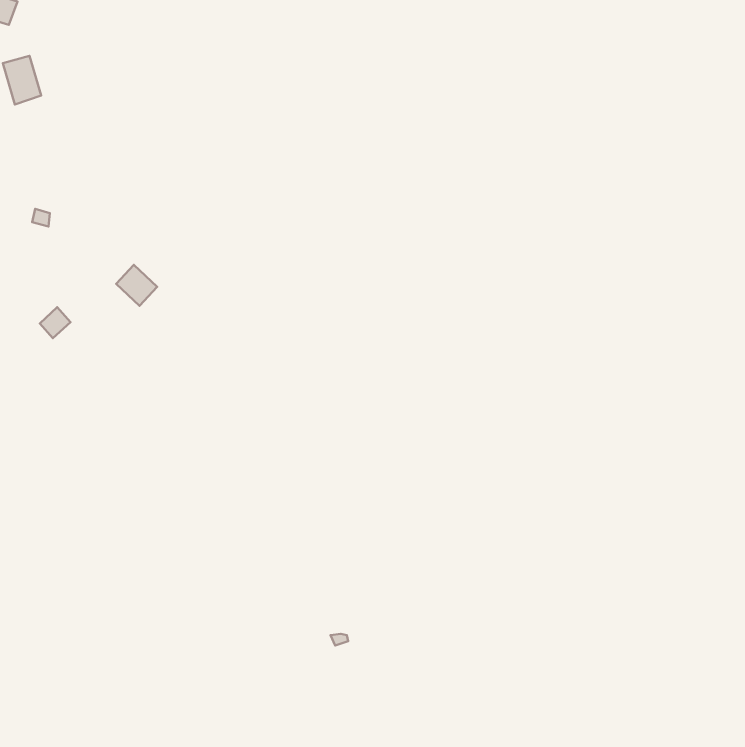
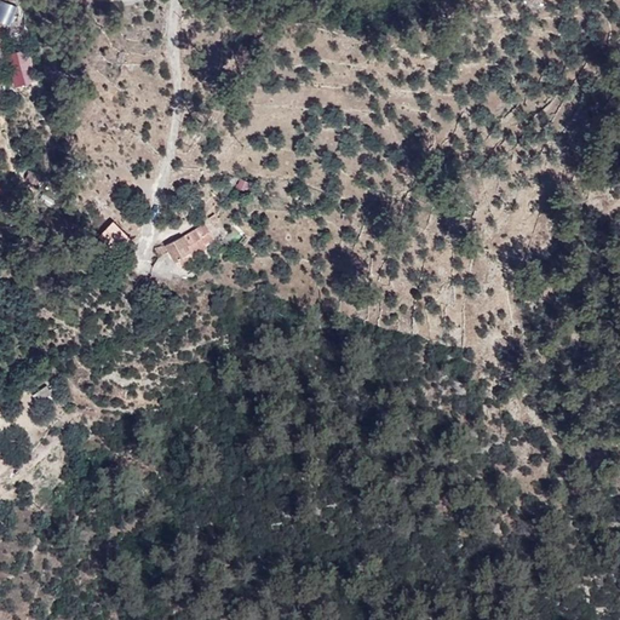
building: none -> [163,224,213,264]

